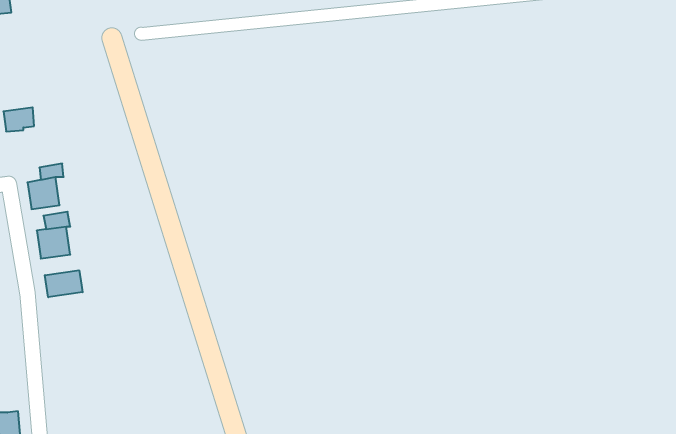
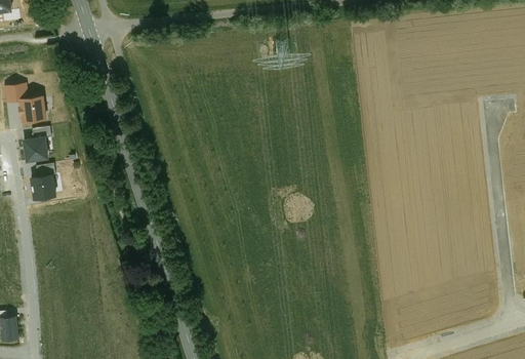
building: none -> [18,97,45,123]
building: [45,270,83,297] -> none

